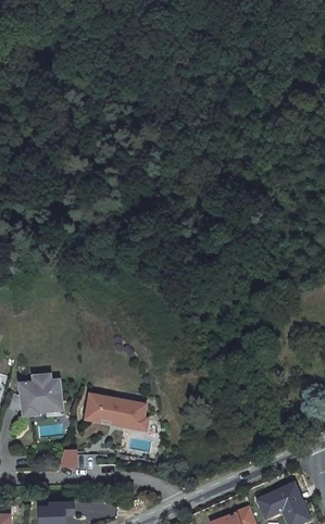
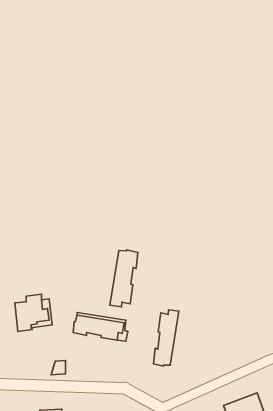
building: none -> [110,250,138,307]
building: none -> [153,310,179,366]

